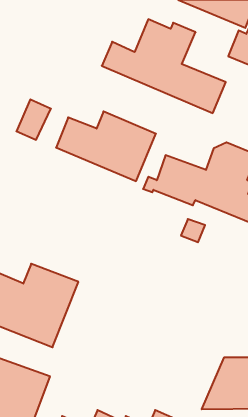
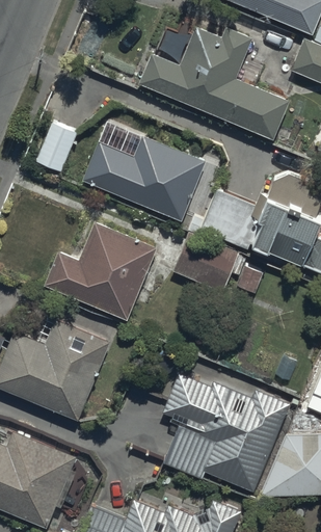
building: none -> [45,222,158,319]
building: none -> [173,233,238,291]
building: none -> [164,373,288,490]

